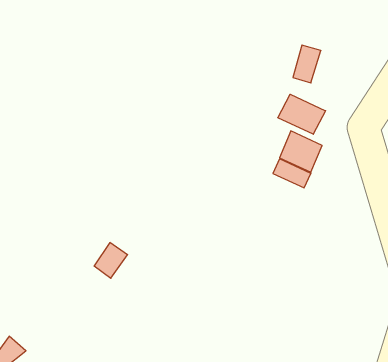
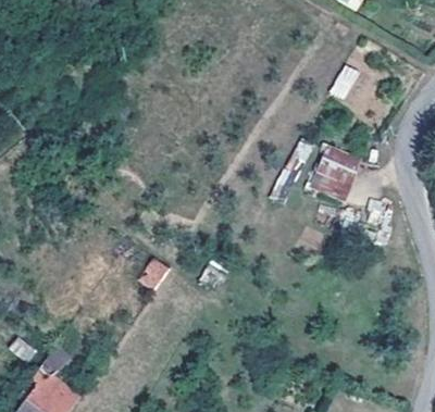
building: [278,94,326,134] -> none

